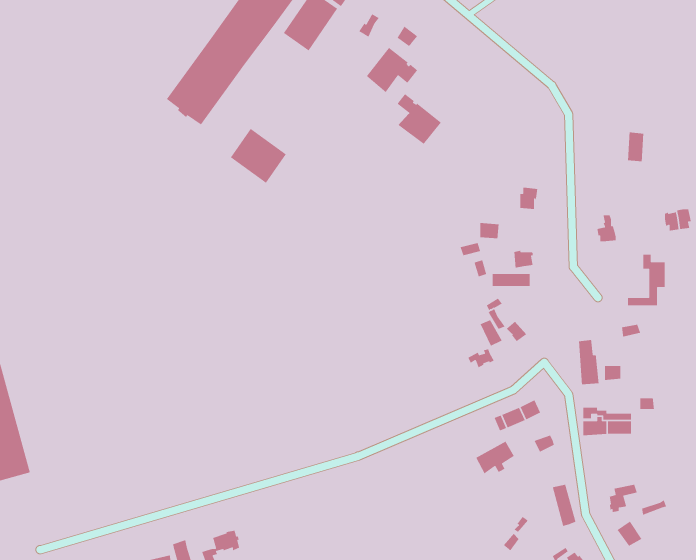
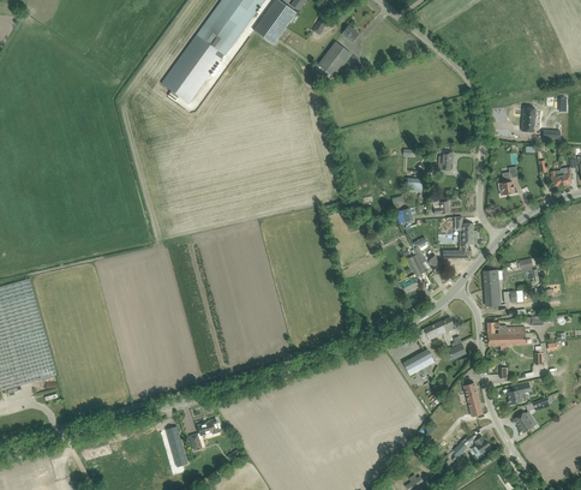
building: [396,93,442,145] -> none
building: [230,128,287,184] -> none
building: [627,254,665,306] -> [443,217,473,258]

